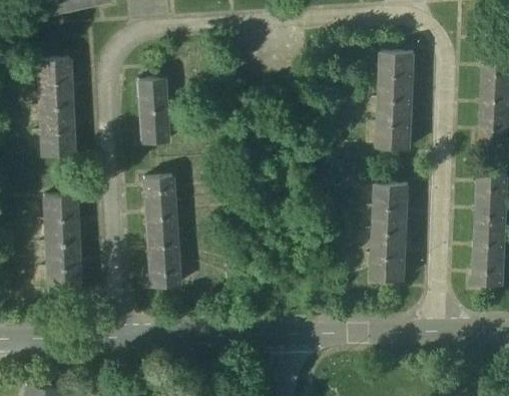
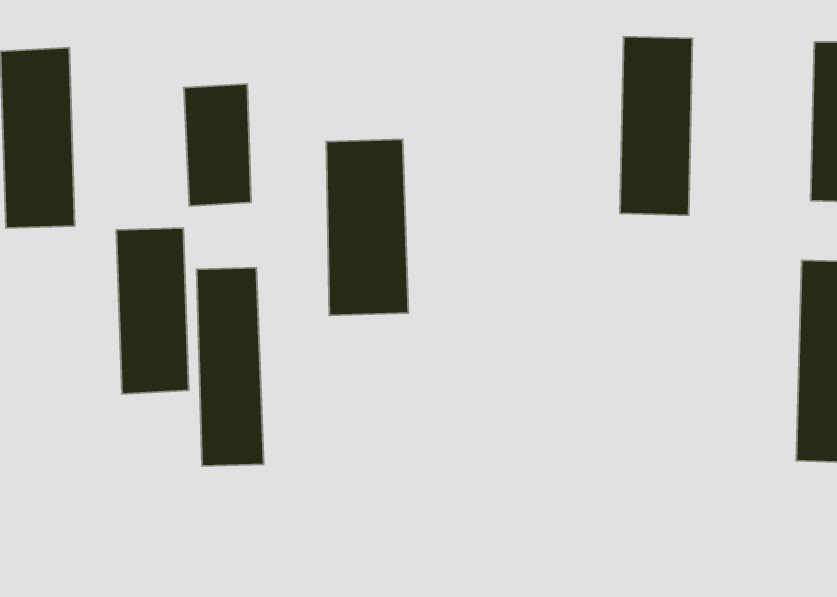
building: none -> [326,139,408,316]
building: [371,183,408,282] -> none
building: [42,194,82,286] -> [116,228,189,394]

